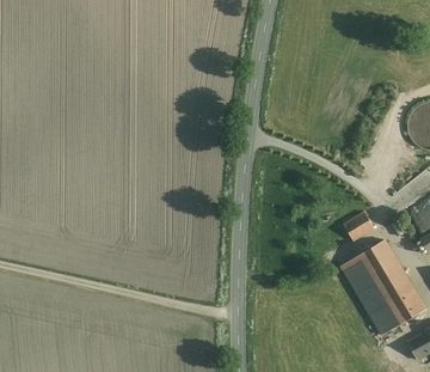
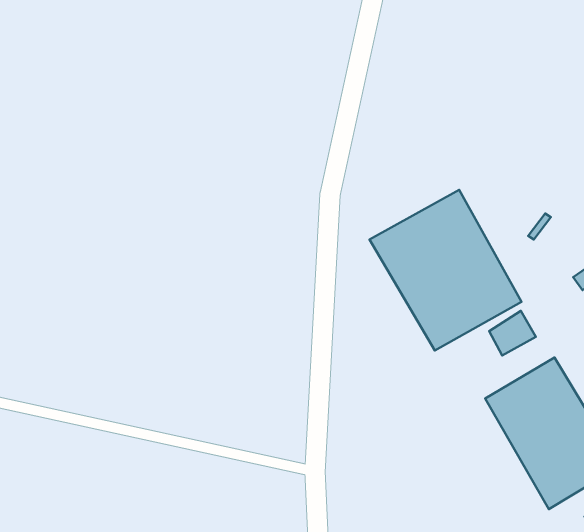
building: none -> [369,190,521,351]

